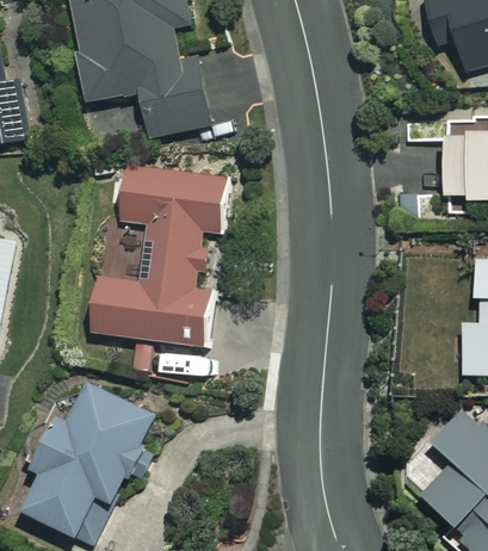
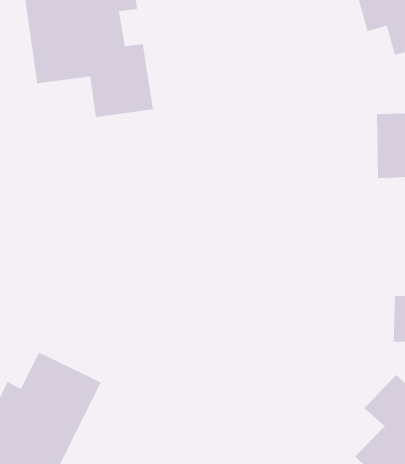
building: [87,167,228,346] -> none

